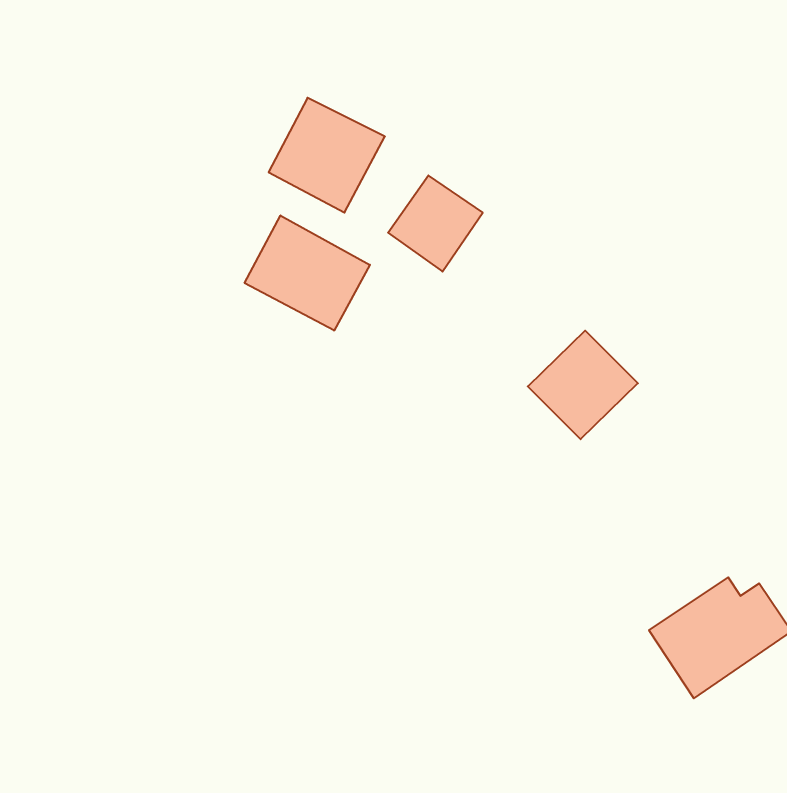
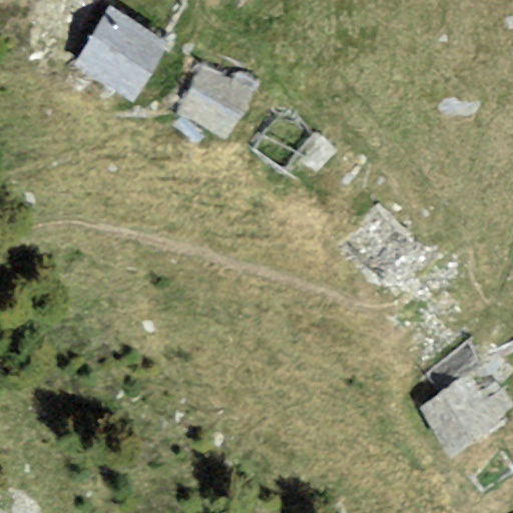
building: none -> [74,5,170,100]
building: [245,215,370,331] -> none

